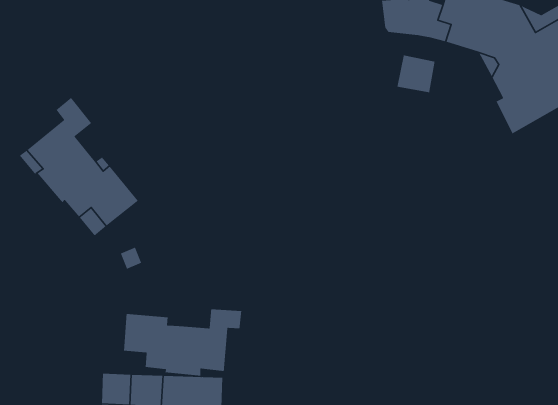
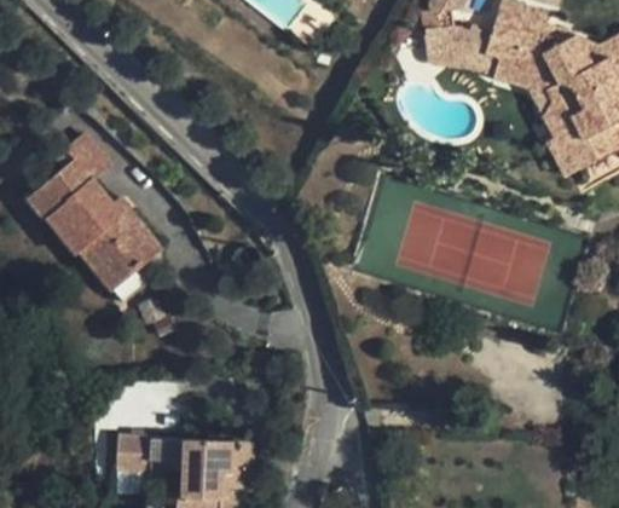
building: [396,54,435,93] -> none
building: [123,308,242,377] -> none

